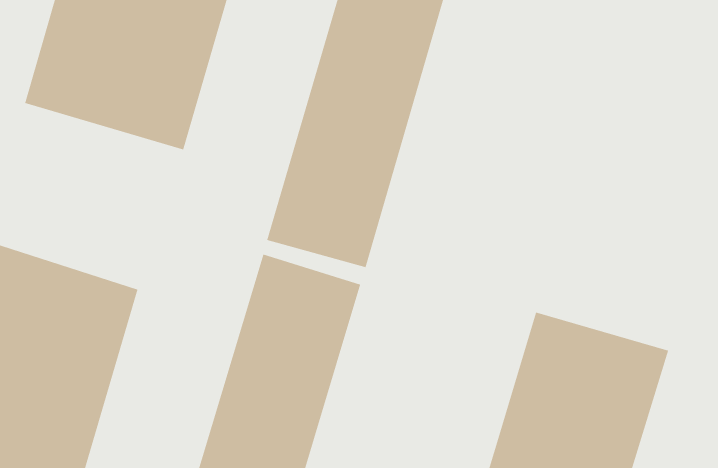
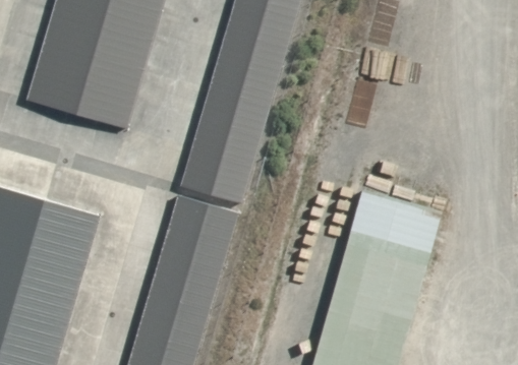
building: none -> [349,192,445,256]

